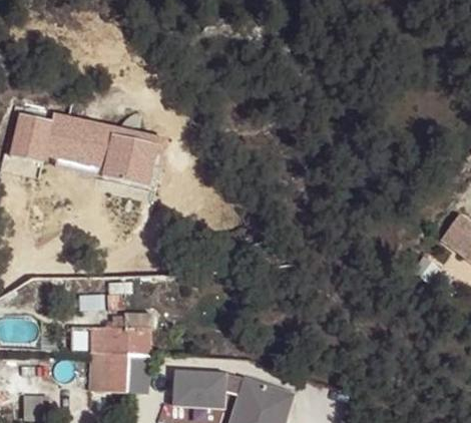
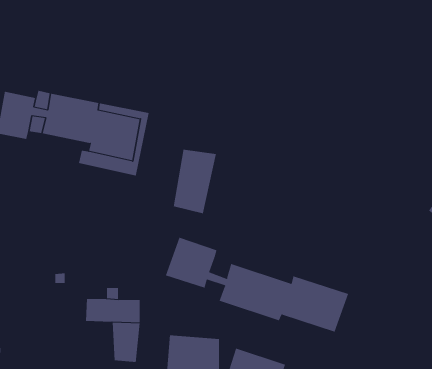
building: none -> [173,149,217,214]
building: none -> [165,237,349,332]
building: [90,350,120,390] -> none

